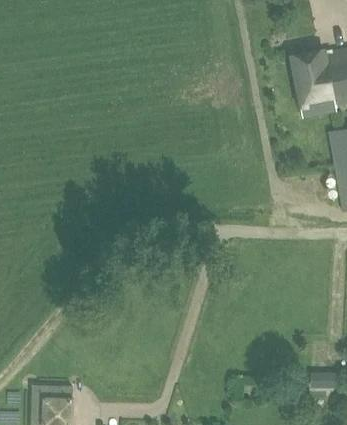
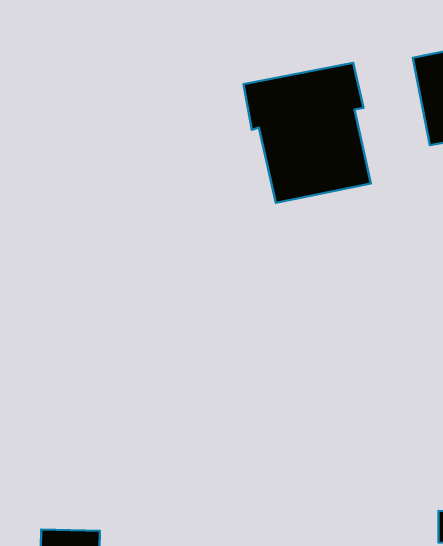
building: none -> [244,63,371,203]

